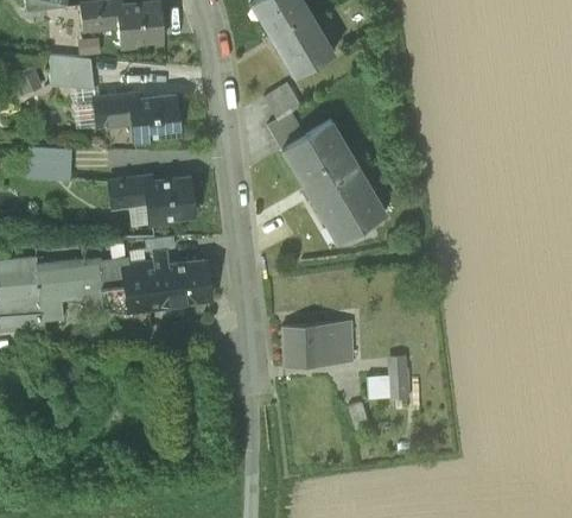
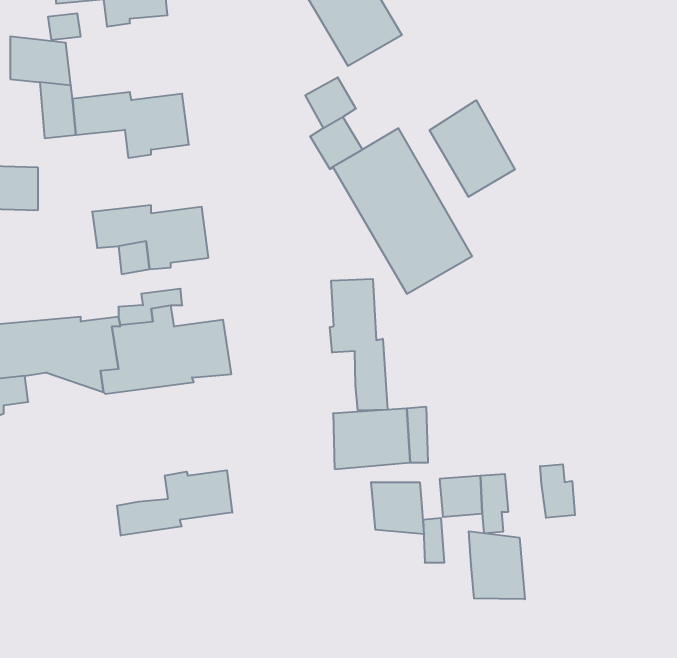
building: none -> [430,100,515,197]
building: none -> [330,279,387,411]
building: none -> [540,464,575,518]
building: none -> [117,470,232,536]
building: none -> [371,482,424,534]
building: none -> [469,531,525,599]

